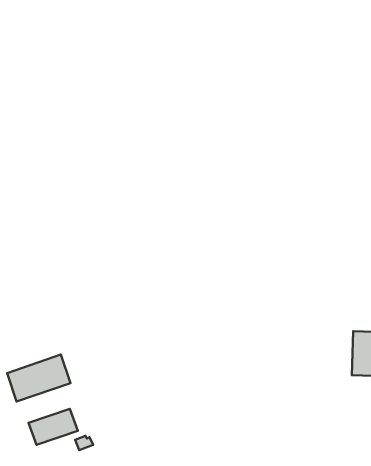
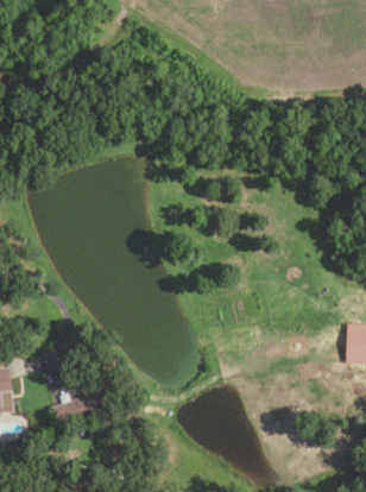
building: [7,355,70,402] -> none

